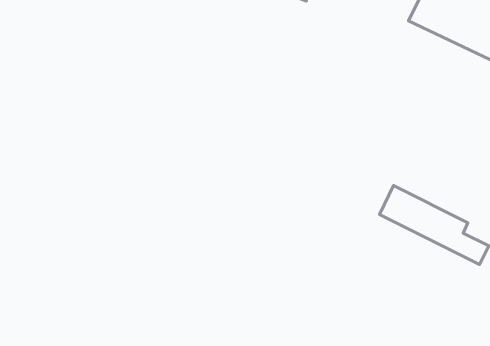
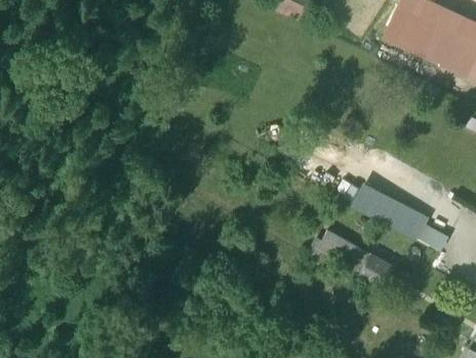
building: none -> [318,233,392,287]

